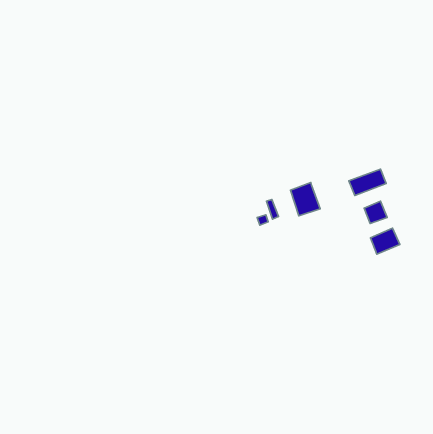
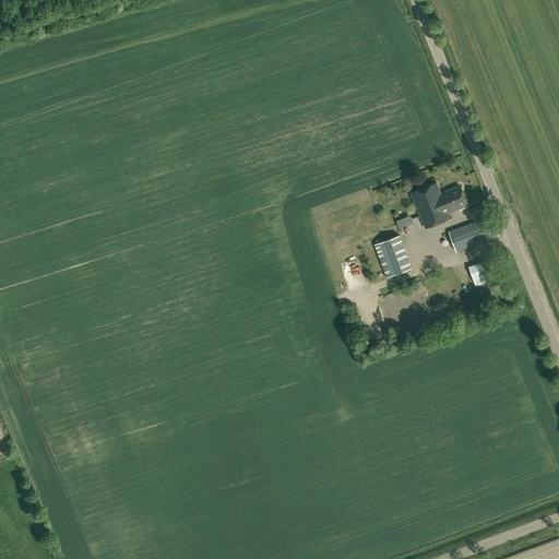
building: none -> [409,182,467,229]
building: [370,228,400,254] -> none

